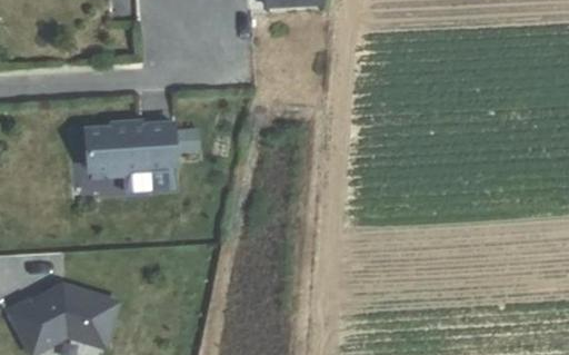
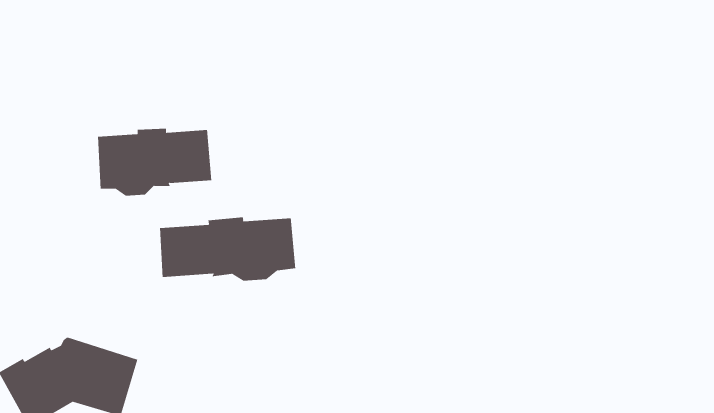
building: none -> [159,217,296,281]

